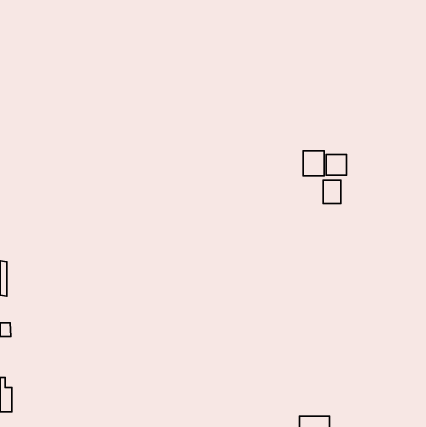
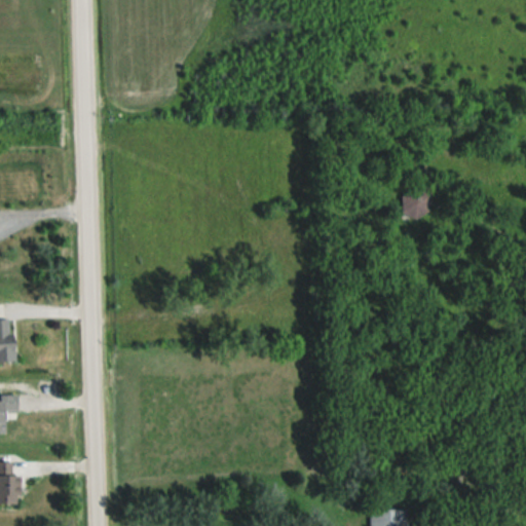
building: [303,151,324,176] -> none
building: [323,180,341,203] -> none

